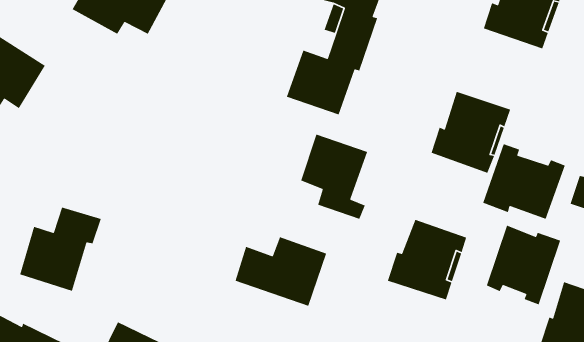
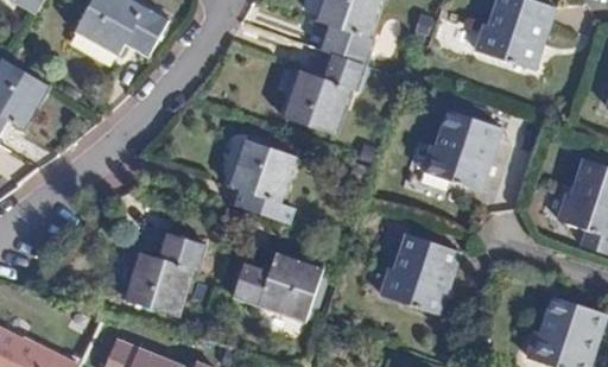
building: [300,133,368,220] -> [230,139,297,223]
building: [482,143,566,220] -> none
building: [19,206,102,292] -> [125,233,205,316]
building: [486,225,561,306] -> none

